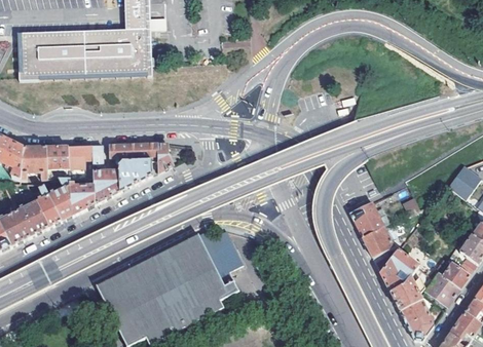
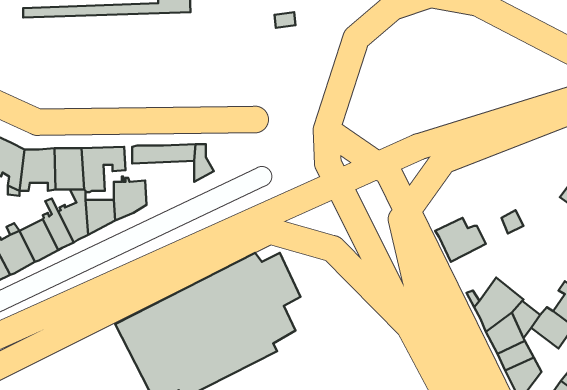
building: [22,37,155,81] -> none
building: [118,160,152,190] -> none
building: [361,224,393,256] -> none

